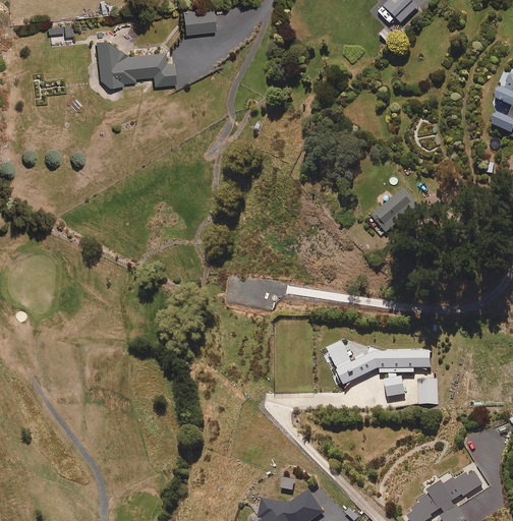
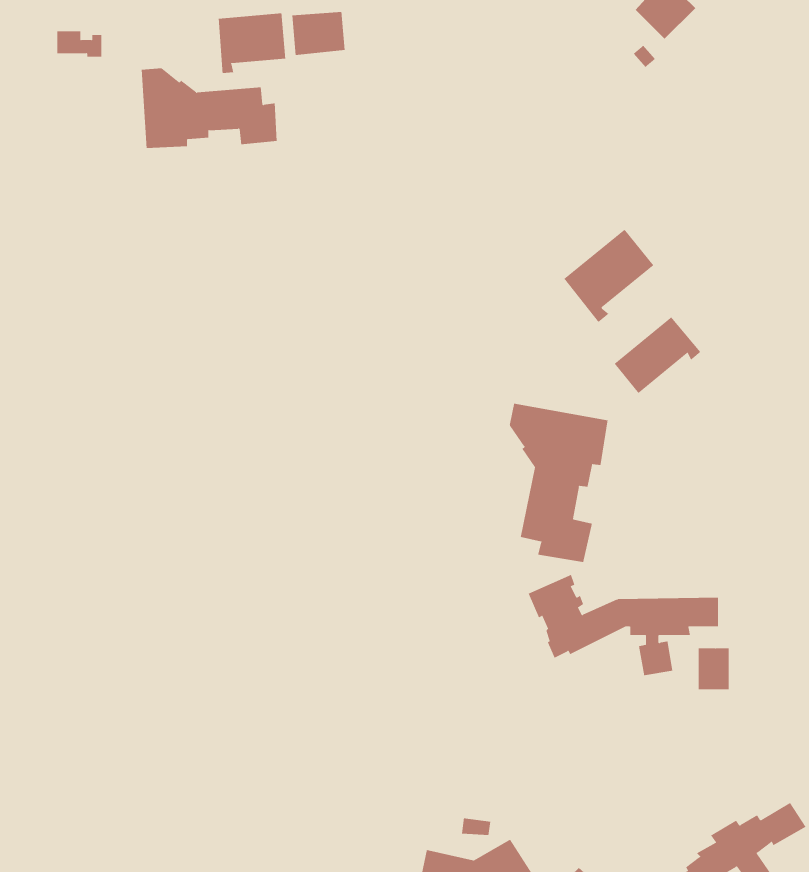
building: none -> [218,13,286,74]
building: none -> [563,229,654,323]
building: none -> [509,403,608,563]

